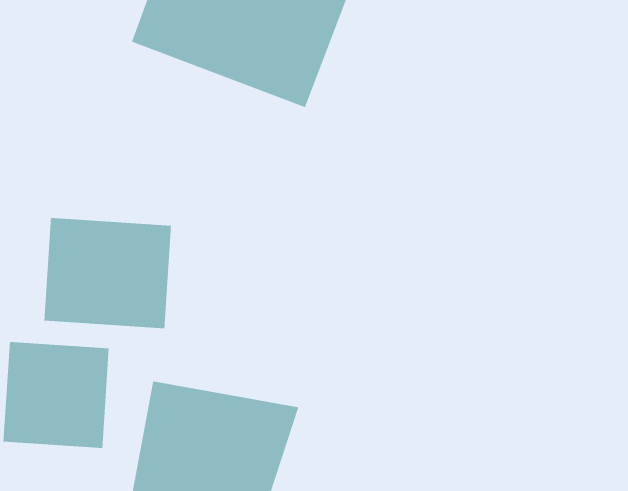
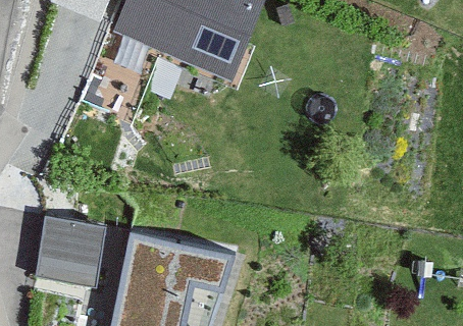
building: [44,217,172,329] -> none

